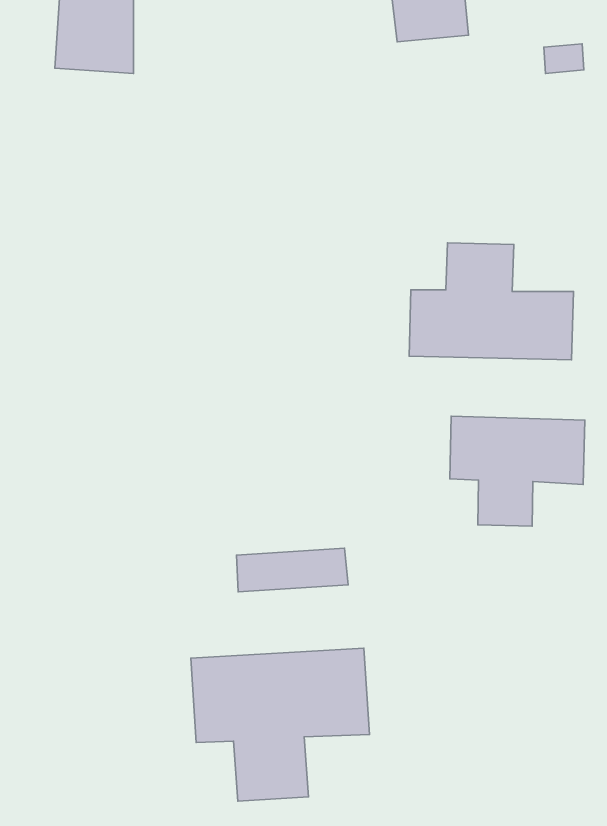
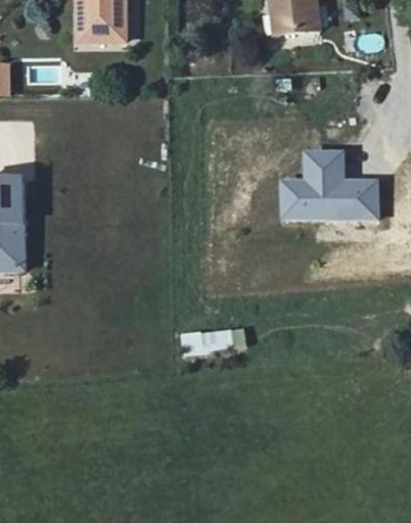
building: [450,416,585,526] -> none
building: [191,648,369,801] -> none

